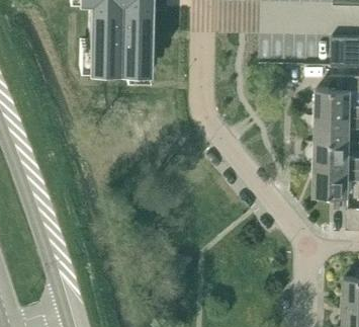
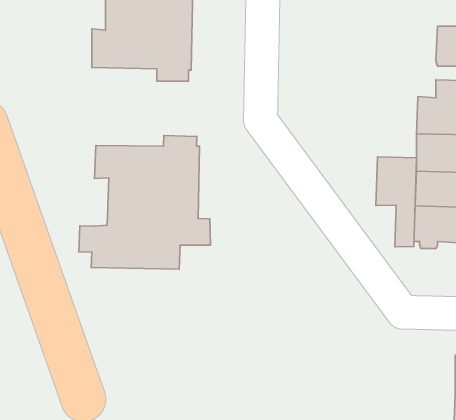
building: none -> [79,136,210,269]
building: none -> [376,157,416,247]

